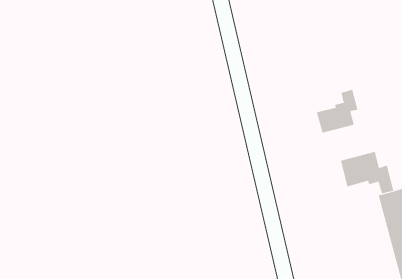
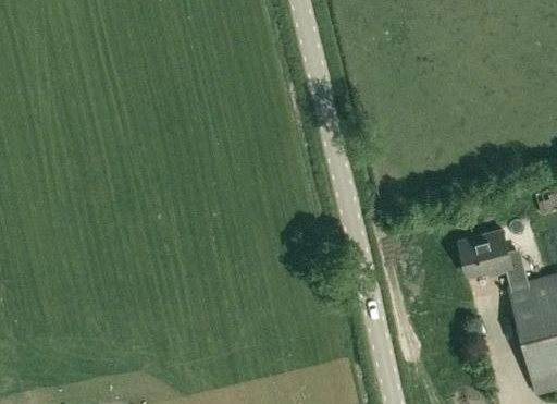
building: [316,89,358,134] -> none

